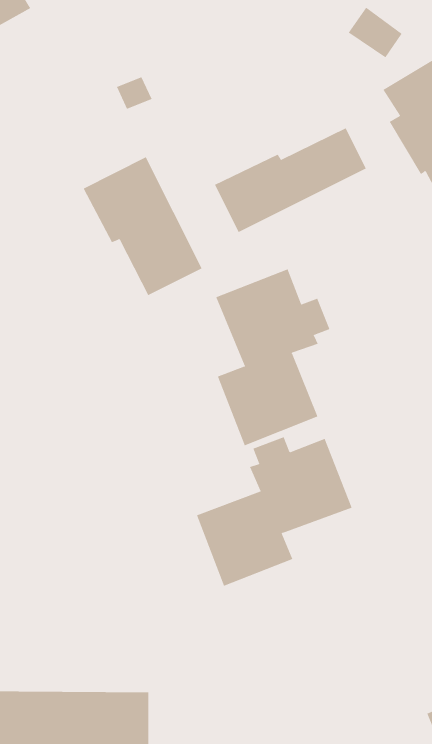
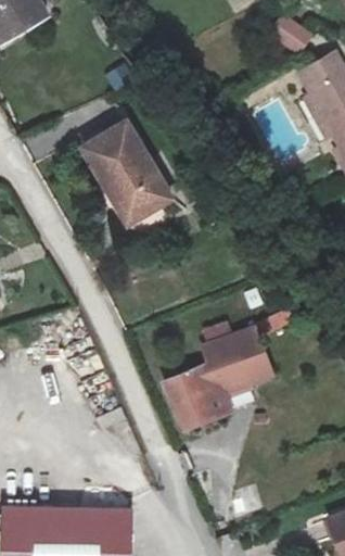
building: [214,127,367,233] -> none
building: [216,269,330,446] -> none

